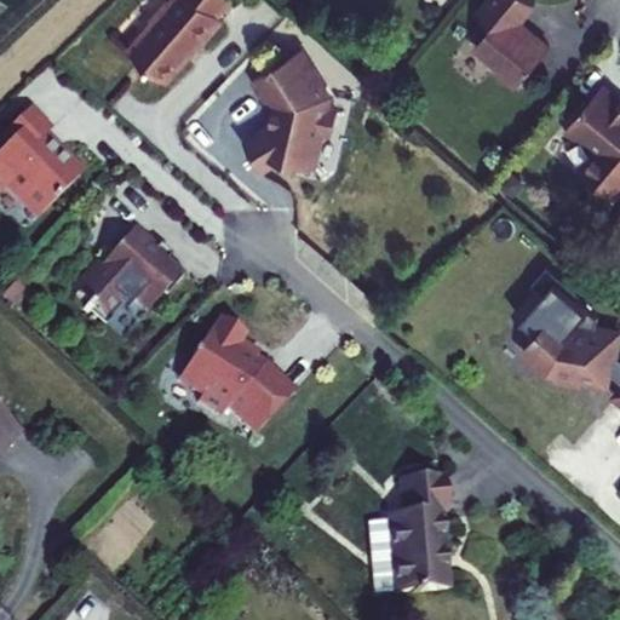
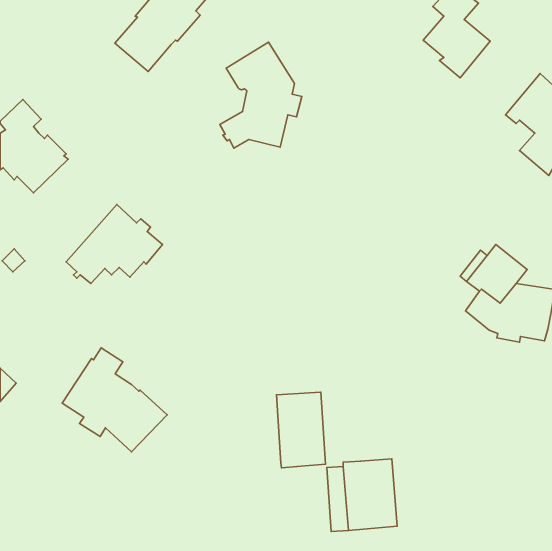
building: [177,317,294,434] -> [62,348,167,452]
building: none -> [276,392,326,468]
building: [402,476,446,516] -> none

